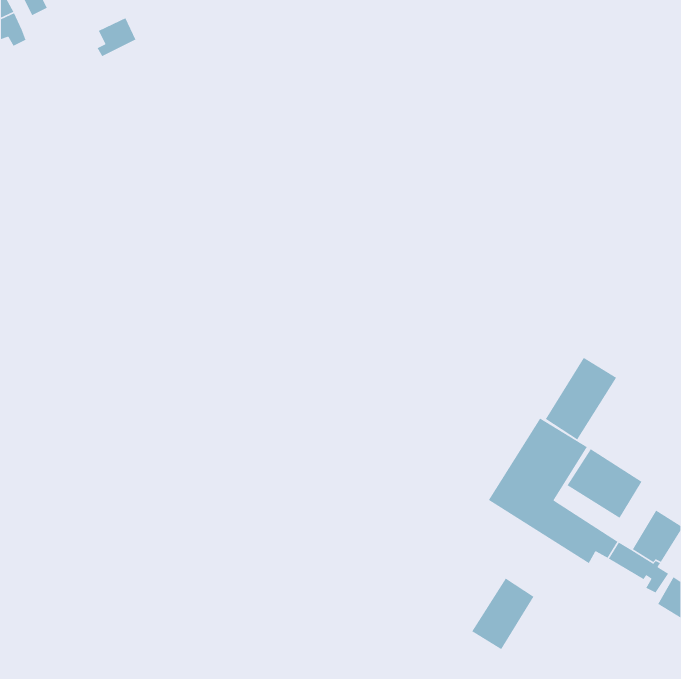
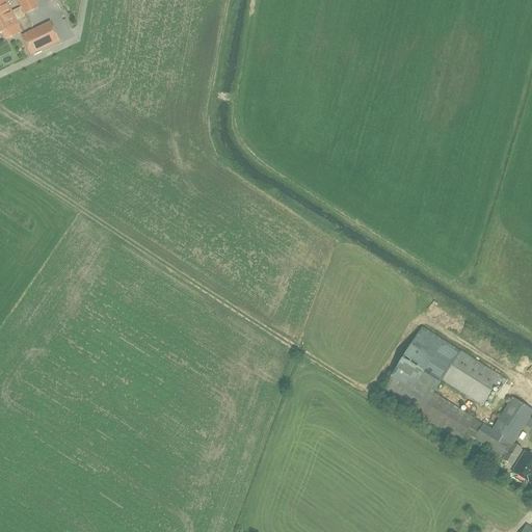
building: [96,17,136,57] -> [27,21,58,52]
building: [545,357,617,441] -> none
building: [471,577,535,650] -> none

